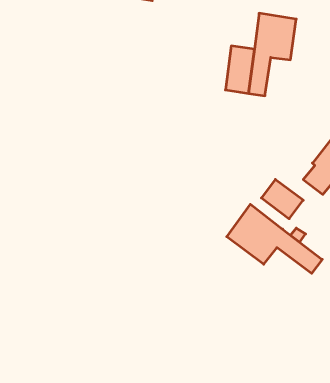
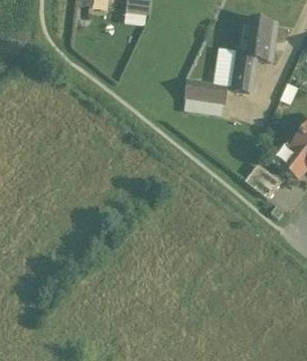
building: none -> [187,82,226,104]
building: [227,204,322,273] -> none

